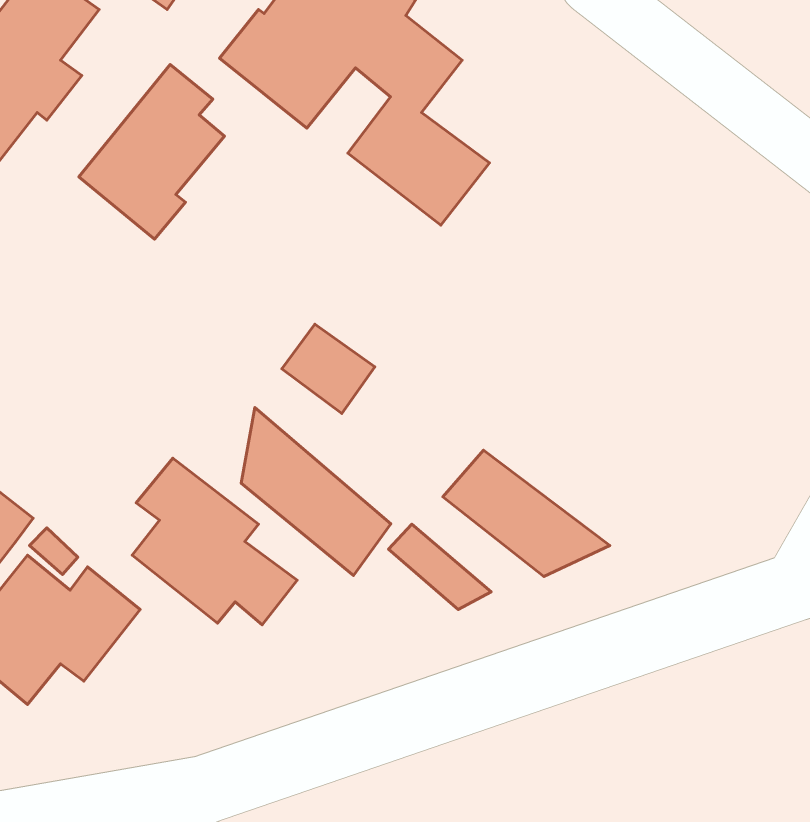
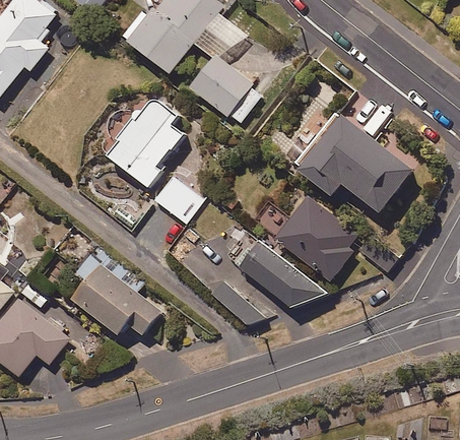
building: [79,64,224,239] -> [106,97,182,188]
building: none -> [293,113,410,212]
building: none -> [273,198,353,280]
building: [241,408,391,575] -> none

